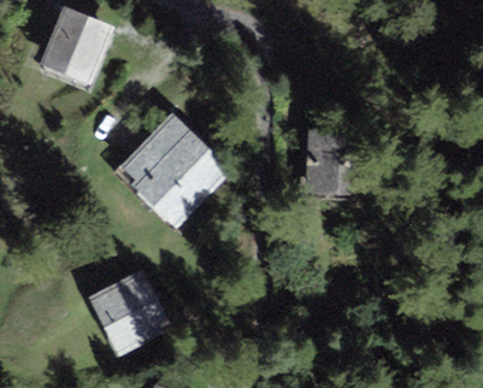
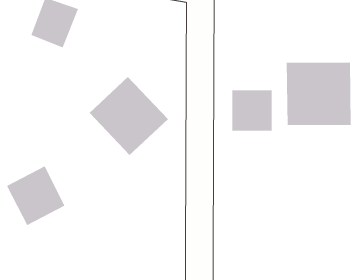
building: none -> [286,62,351,126]
building: [90,272,169,352] -> [6,166,65,226]

